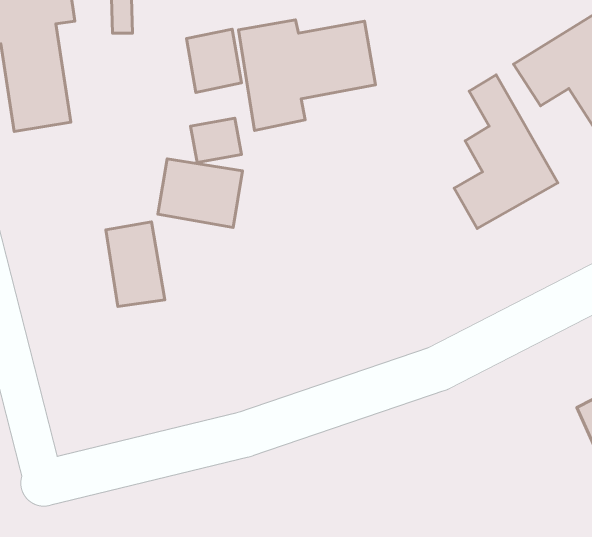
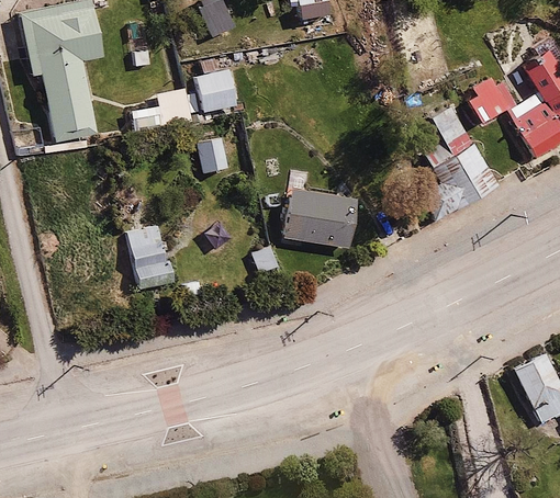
building: [238,20,375,130] -> none
building: [158,159,243,228] -> [288,192,357,248]

